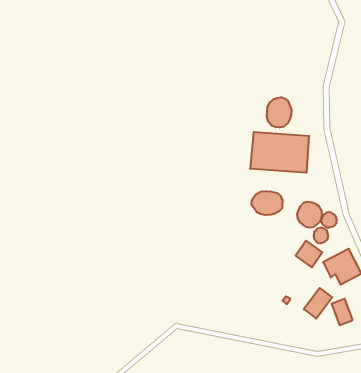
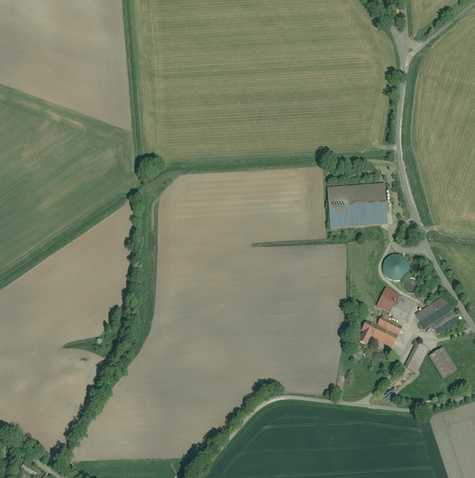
building: [267,97,291,128] -> none
building: [252,191,283,215] -> none
building: none -> [359,315,404,349]

